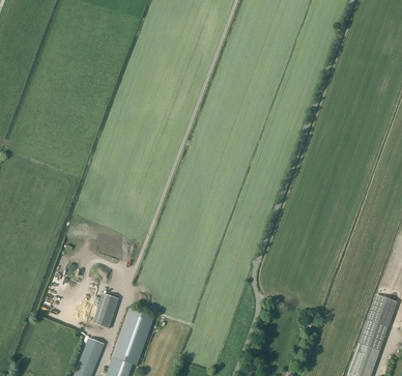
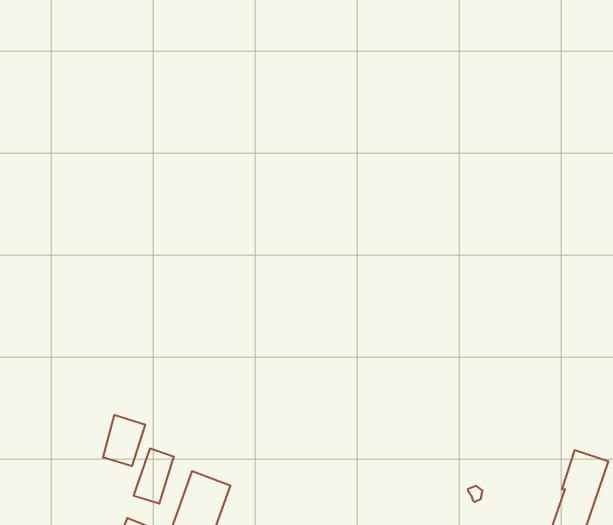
building: none -> [103,415,145,466]

